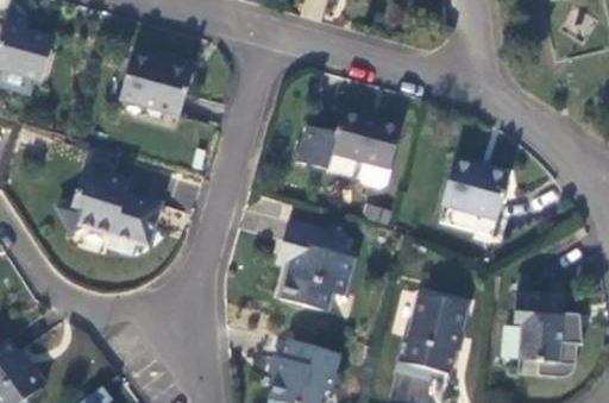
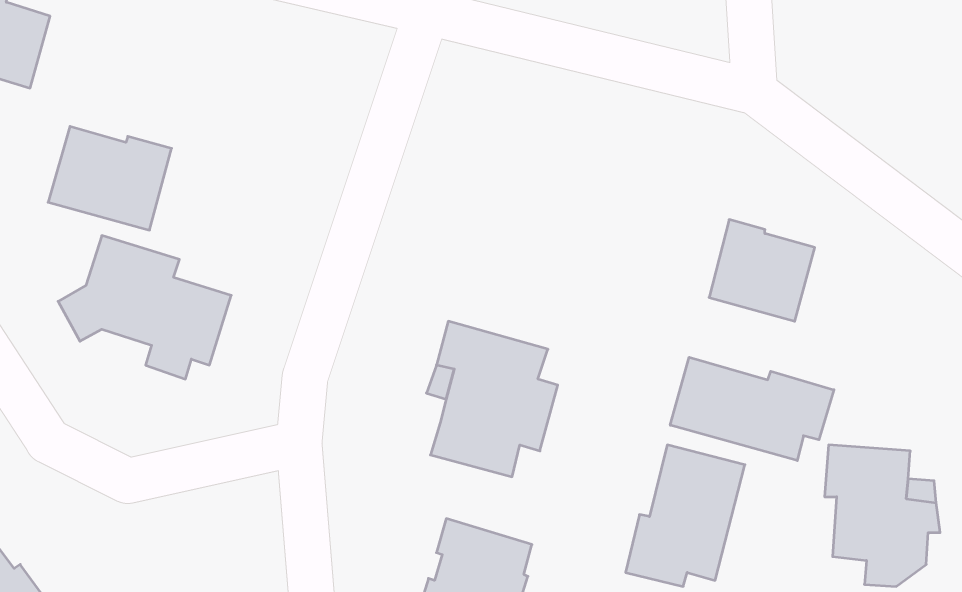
building: [118,53,192,115] -> [48,126,172,230]
building: [296,112,401,188] -> none
building: none -> [670,357,834,461]

